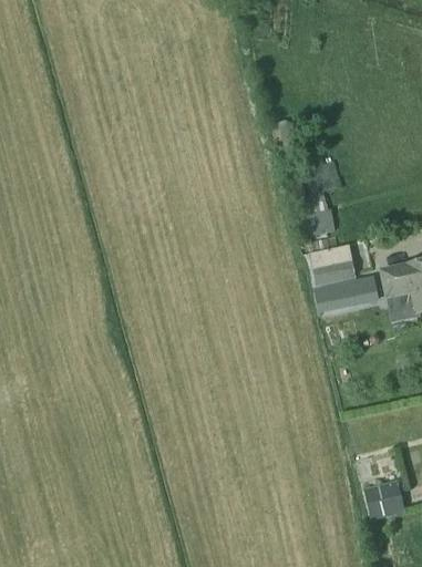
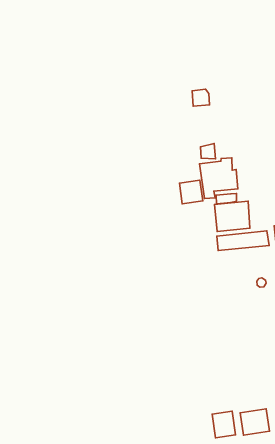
building: none -> [179,180,203,204]
building: none -> [212,411,236,438]

